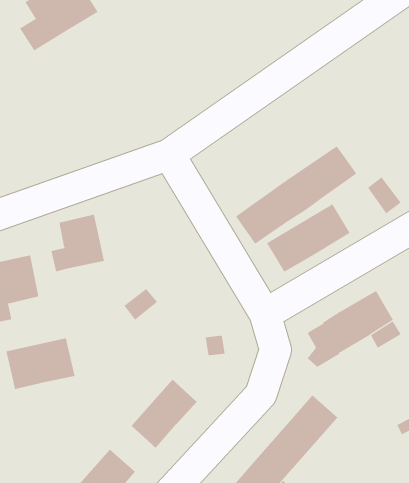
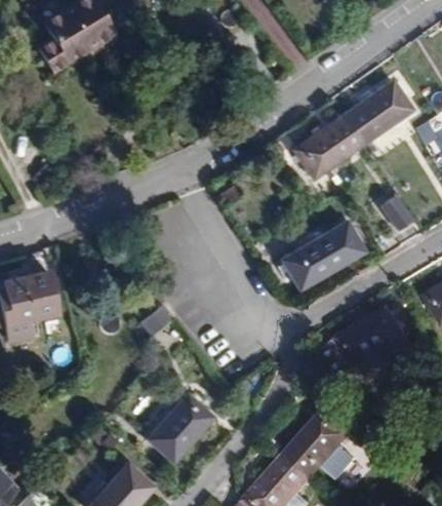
building: [235,145,357,245] -> [293,80,413,178]
building: [51,214,104,272] -> none
building: [6,338,75,390] -> none

